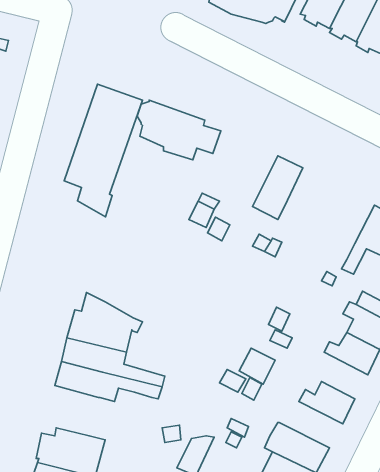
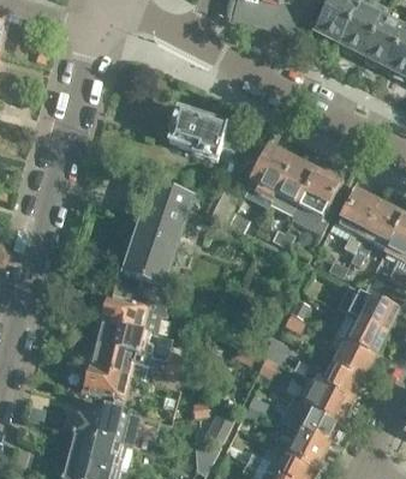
building: [64,84,143,217] -> [124,182,195,303]
building: none -> [245,144,292,202]
building: none -> [289,167,340,234]
building: none -> [339,188,380,250]
building: none -> [329,334,374,376]
building: none -> [84,364,130,405]
building: none -> [293,377,351,420]

